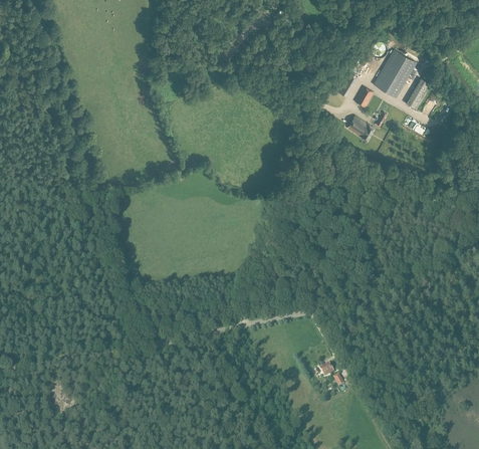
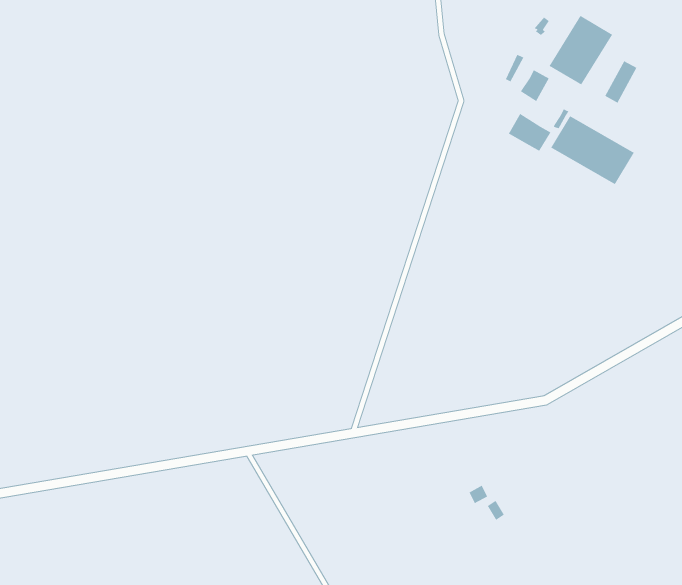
building: none -> [550,115,635,185]

